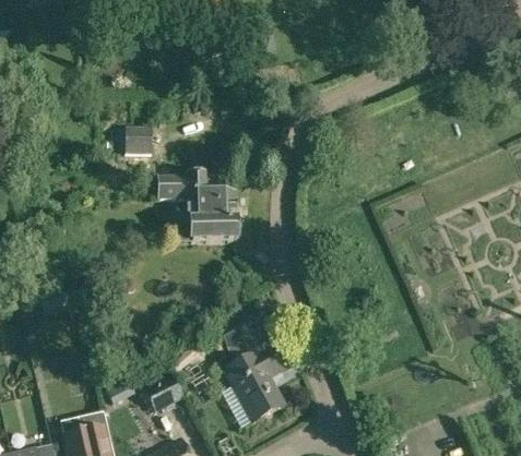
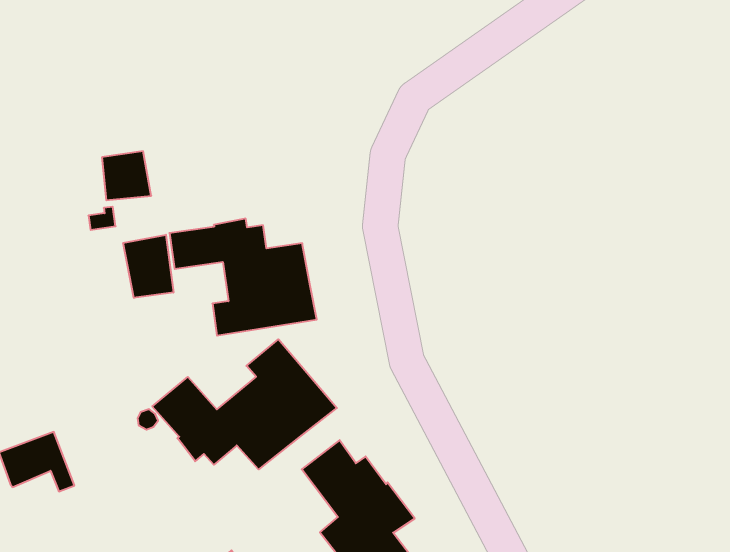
building: none -> [123,235,173,298]
building: none -> [152,339,337,469]

